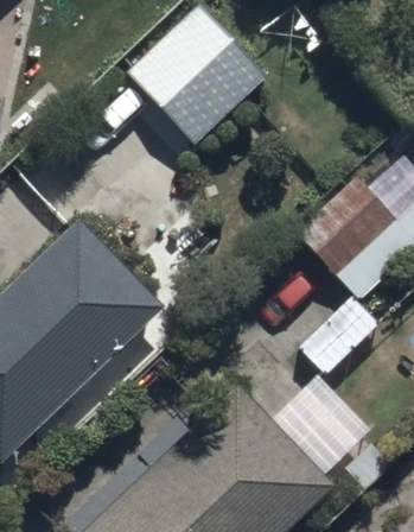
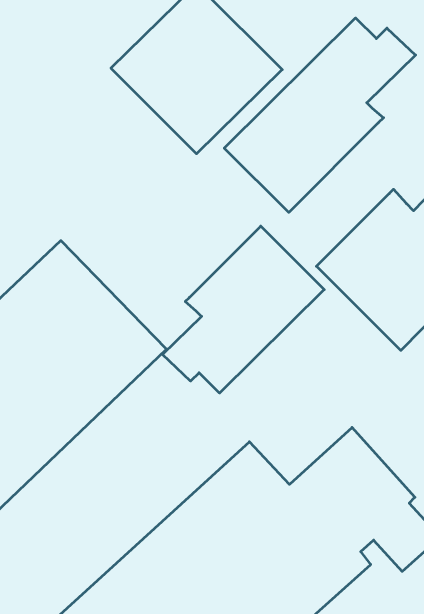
building: none -> [224,18,416,212]
building: none -> [163,226,324,393]

